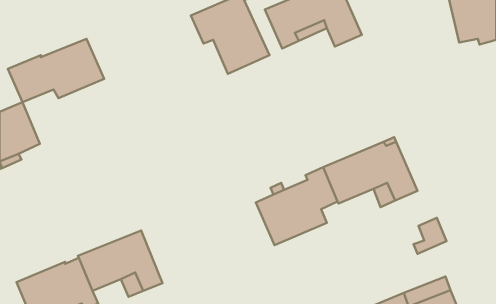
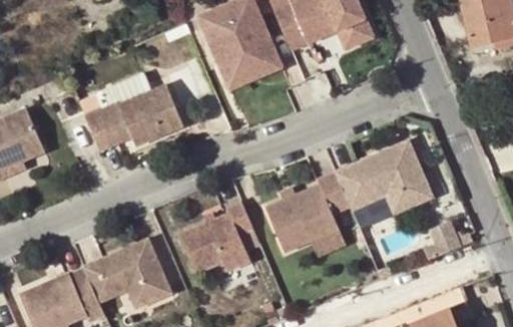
building: [8,39,104,102] -> [82,83,181,148]
building: none -> [210,42,282,90]
building: none -> [176,205,249,274]

